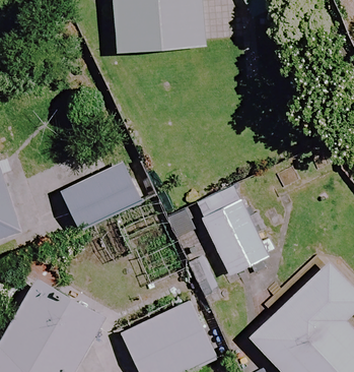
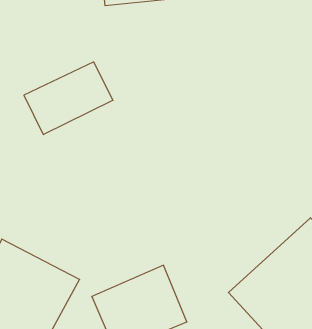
building: [57,161,146,234] -> [24,62,113,135]
building: [194,187,266,276] -> none

